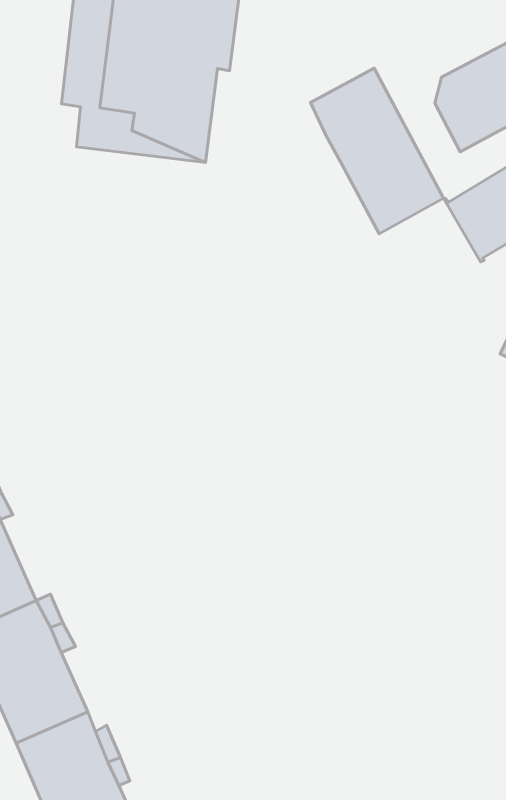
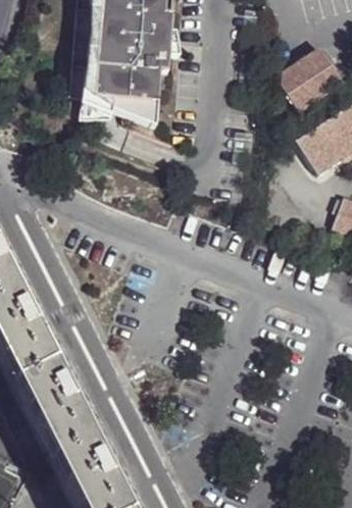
building: [311,68,444,234] -> none

